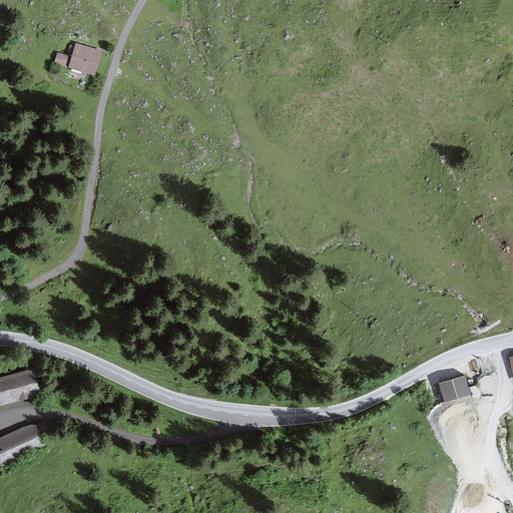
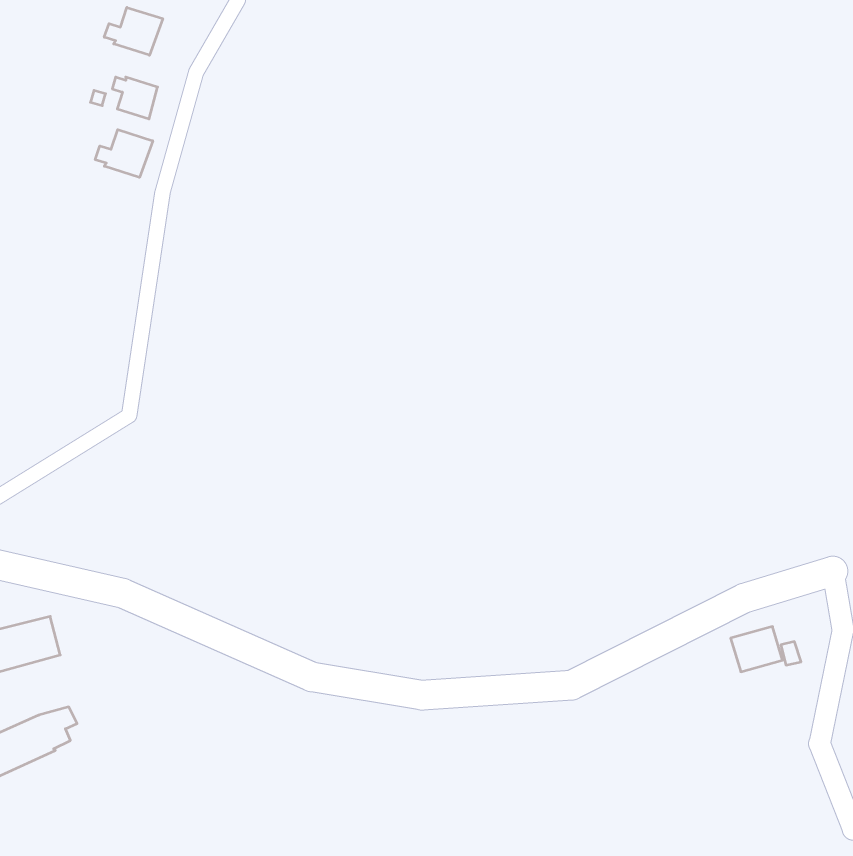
building: none -> [104,7,163,55]
building: none -> [95,130,153,177]

